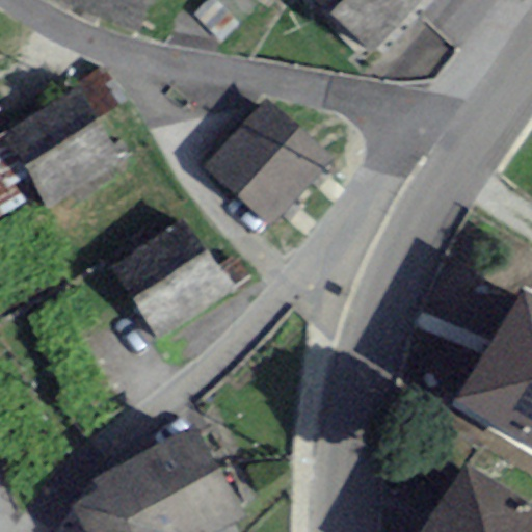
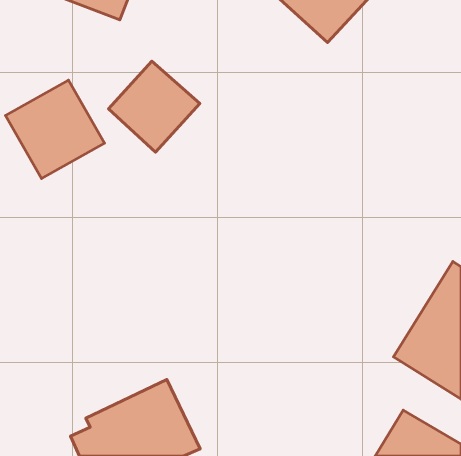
building: [215,108,320,213] -> [109,61,200,152]
building: [122,228,221,325] -> none

